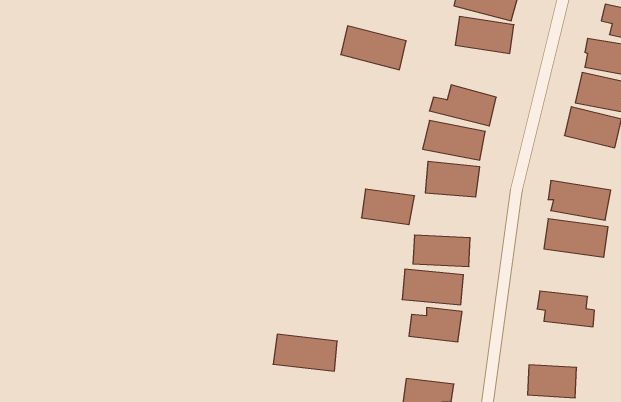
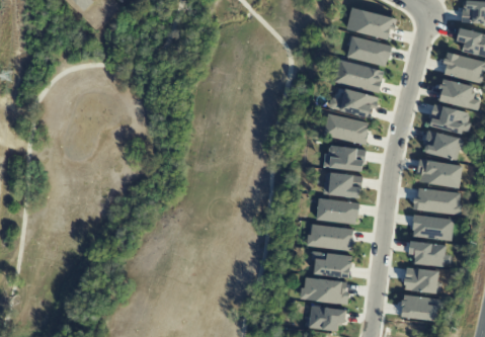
building: [341,26,406,70] -> [335,60,384,92]
building: none -> [422,131,462,161]
building: [361,189,415,225] -> [323,172,362,198]
building: none -> [411,215,453,240]
building: none -> [403,267,438,293]
building: [273,334,337,371] -> [301,277,348,305]

